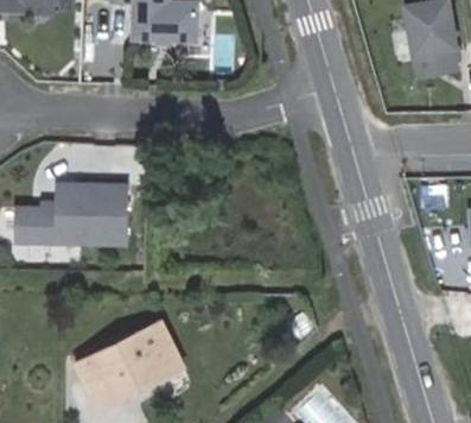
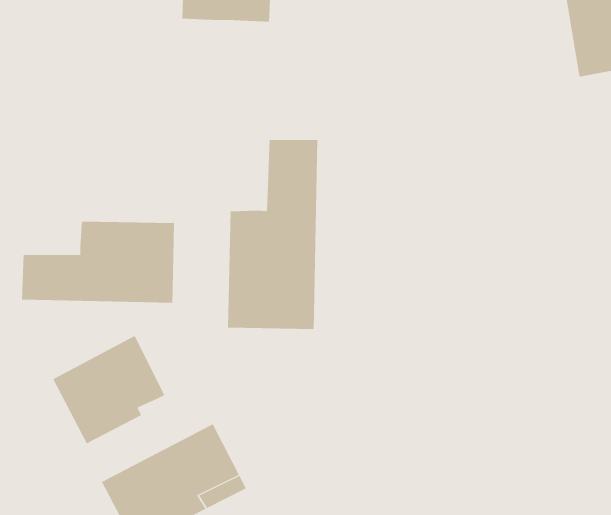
building: none -> [228,139,318,330]
building: none -> [53,335,165,444]

